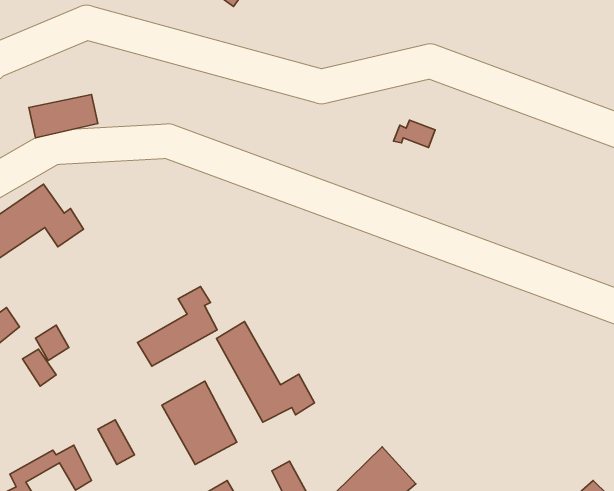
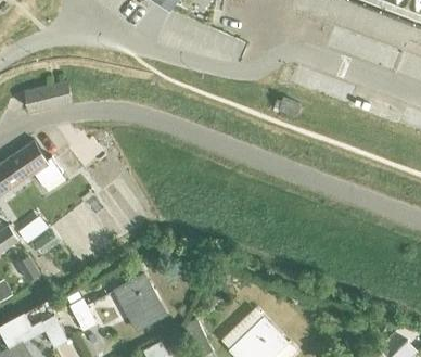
building: [138,287,217,366] -> none
building: [217,321,315,422] -> none

